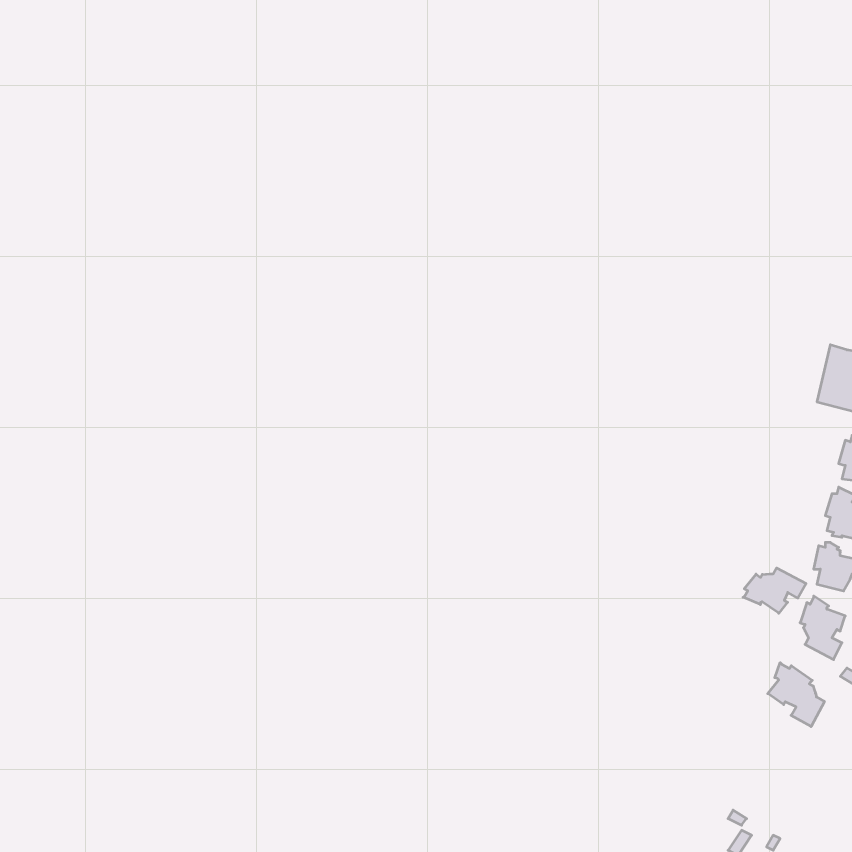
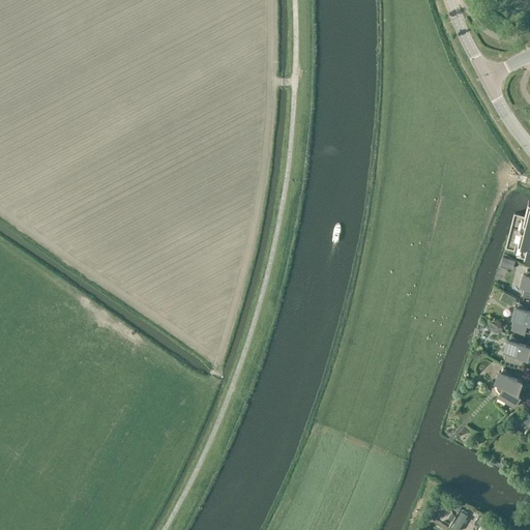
building: [743,568,806,613] -> none
building: [768,663,824,727] -> none

